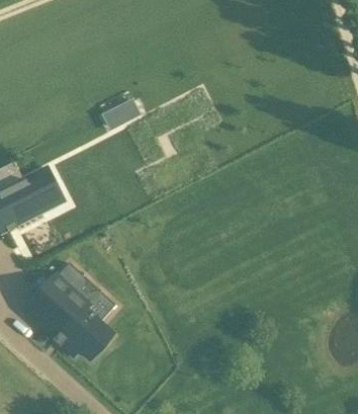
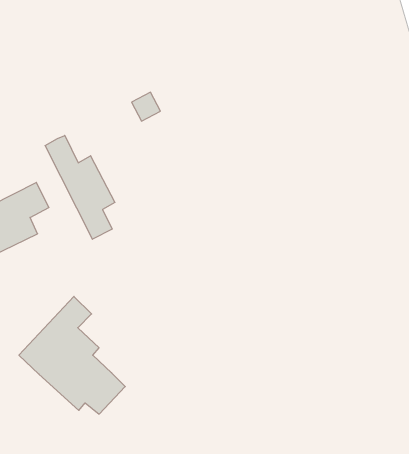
building: none -> [45,135,115,239]

